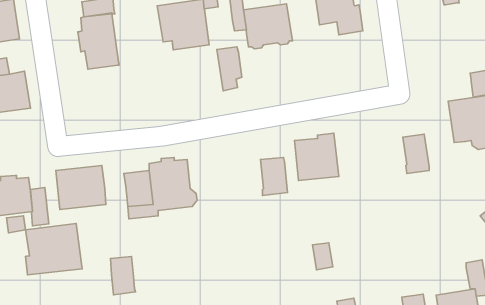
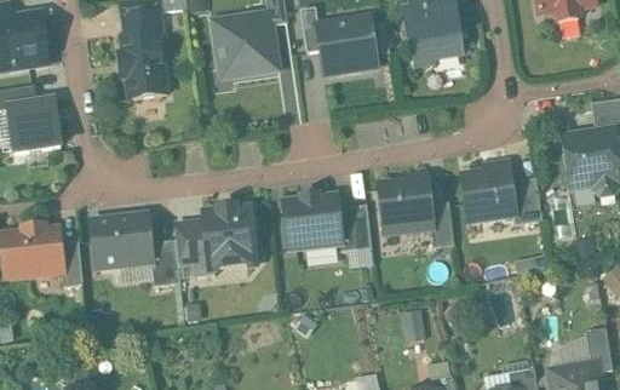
building: [217,47,242,91] -> none
building: none -> [460,168,513,220]
building: none -> [282,194,340,248]
building: none -> [429,201,452,246]
building: [26,223,82,275] -> none
building: [110,257,136,295] -> [149,240,179,286]

